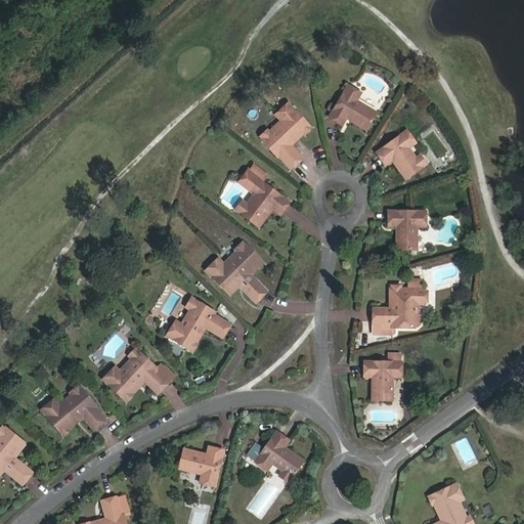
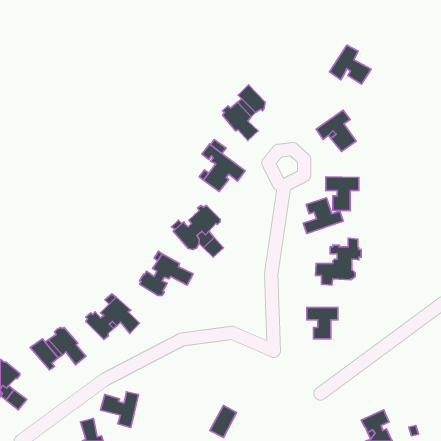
building: [330,83,379,129] -> [330,45,371,84]
building: none -> [303,198,343,233]
building: [252,430,302,477] -> none
building: [175,444,220,486] -> [100,392,139,427]

